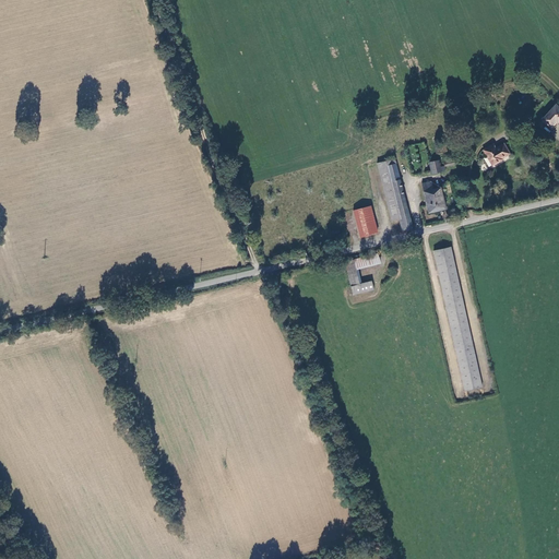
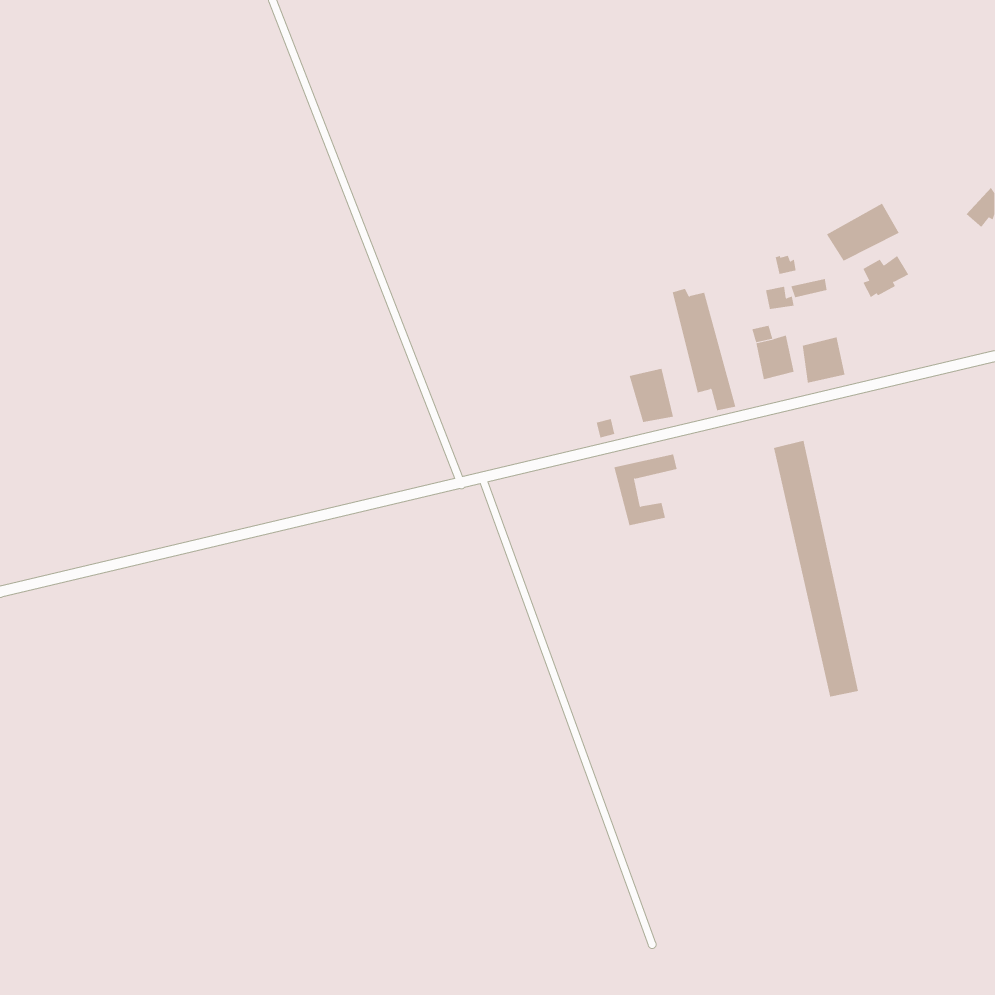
building: none -> [826,203,899,261]
building: none -> [802,337,845,383]

